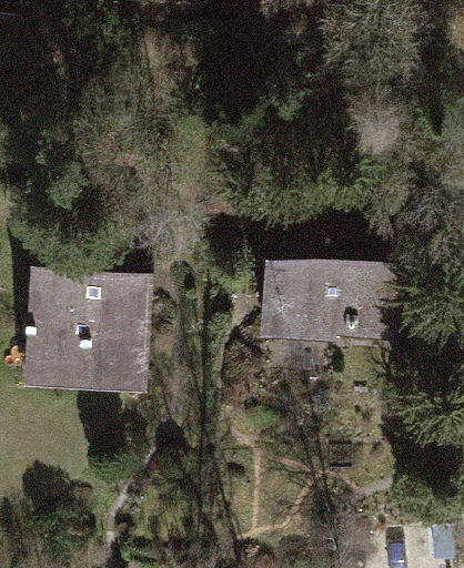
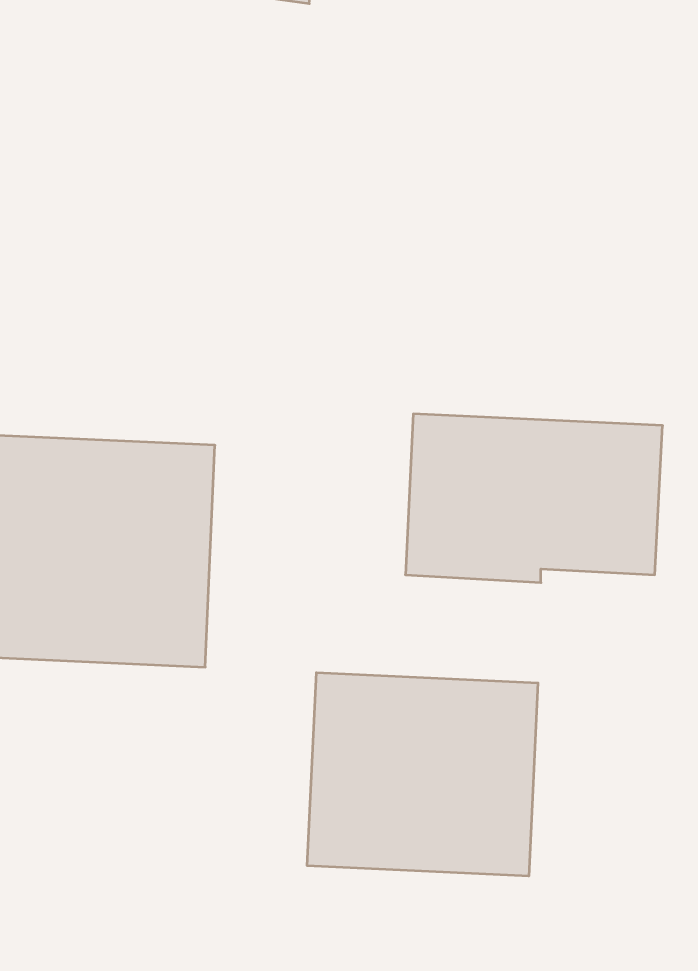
building: none -> [307,673,538,876]

